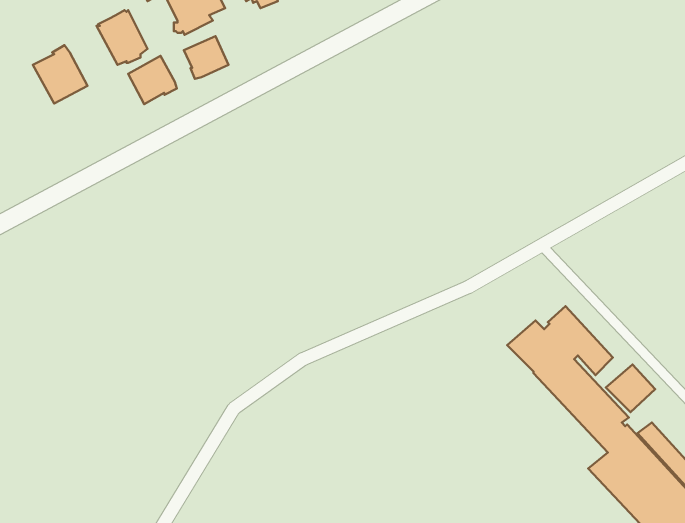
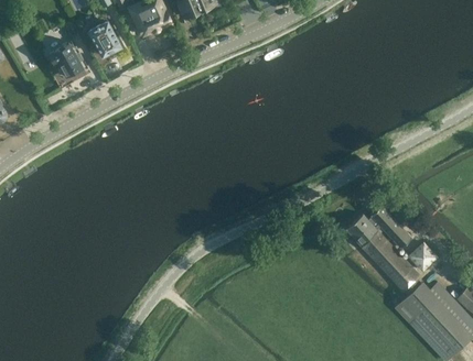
building: [184,36,228,79] -> none
building: [128,56,177,104] -> none

